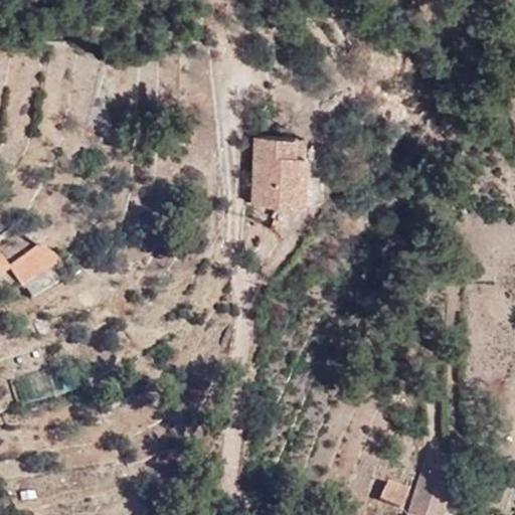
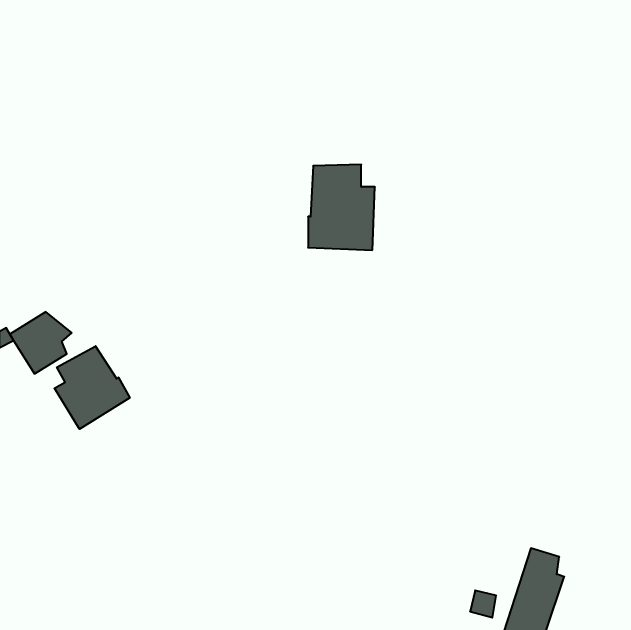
building: none -> [54,346,130,429]

